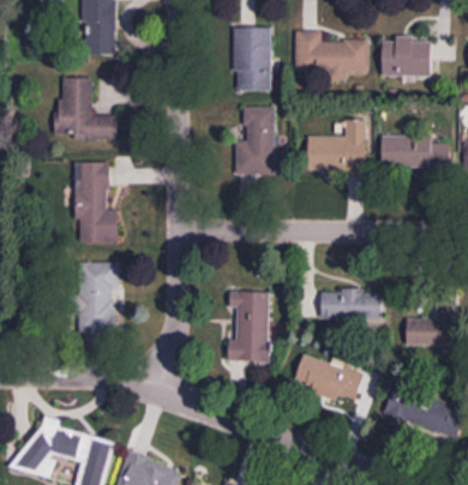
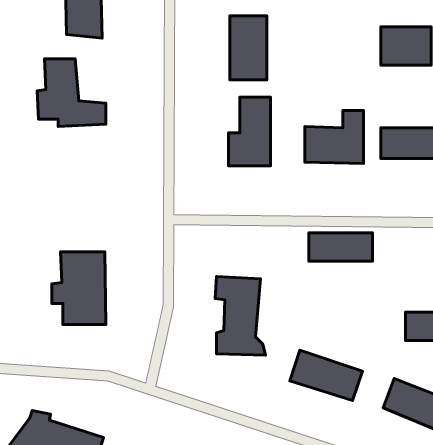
building: [298,35,372,80] -> none
building: [70,158,116,238] -> none
building: [323,293,385,321] -> [309,233,373,261]

